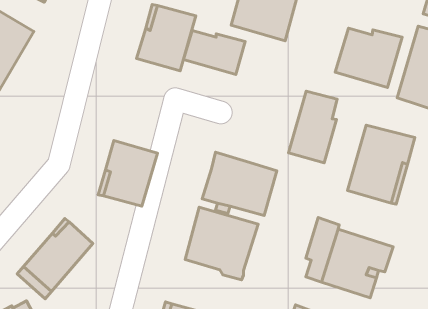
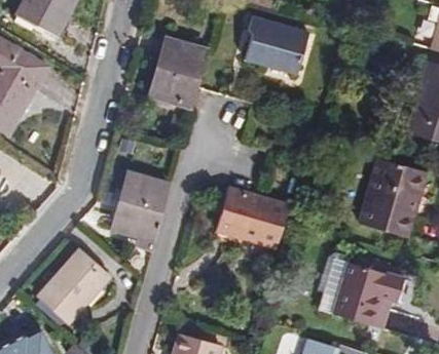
building: [335,28,402,88] -> none
building: [183,31,245,75] -> none
building: [288,91,337,163] -> none
building: [185,207,258,280] -> none

